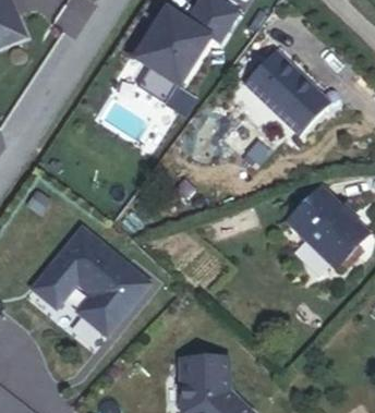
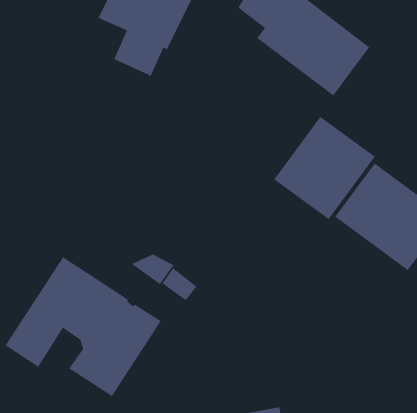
building: none -> [273,116,376,220]

